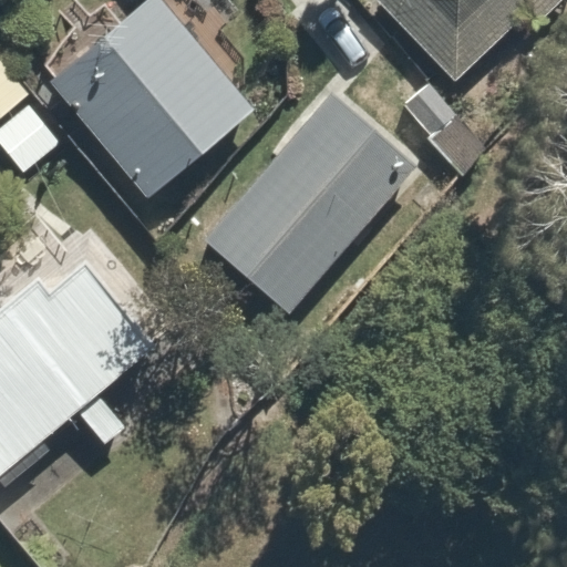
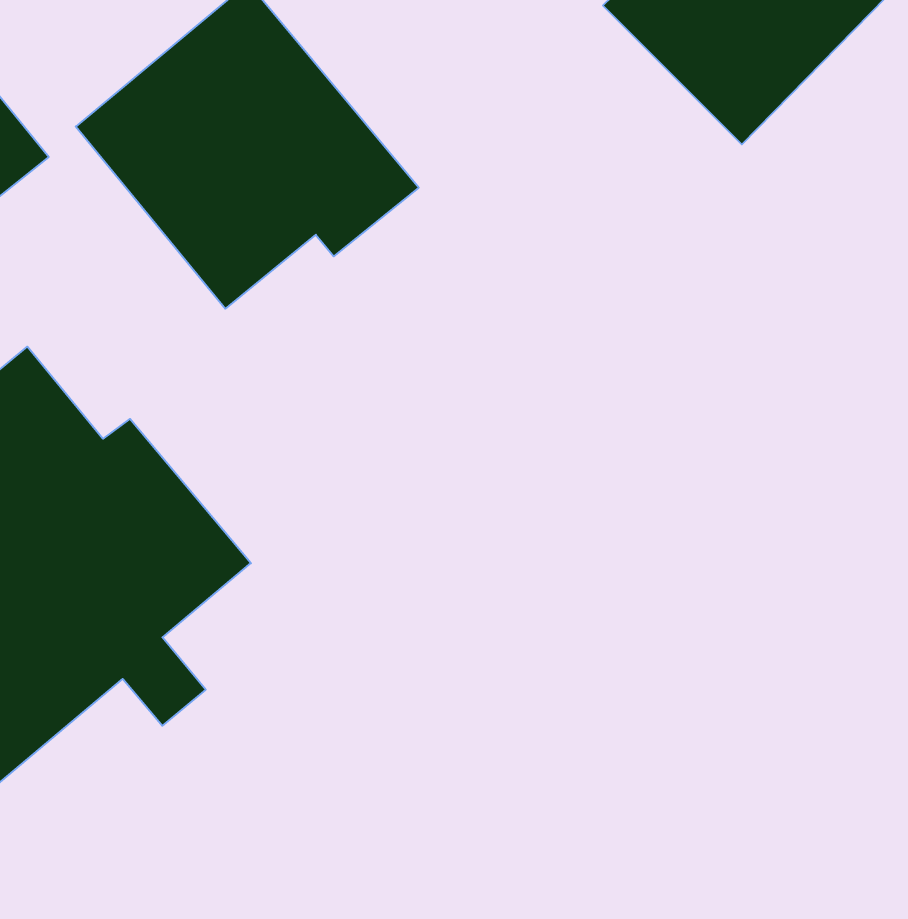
building: [200,86,420,313] -> none

